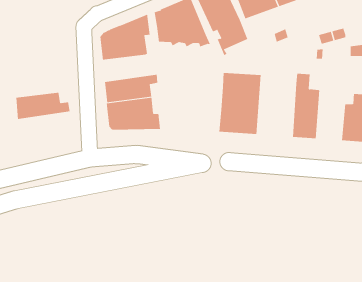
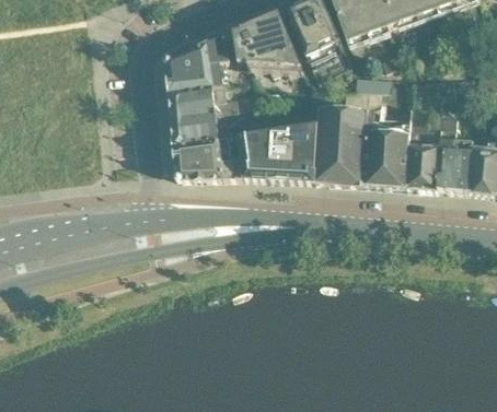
building: none -> [362,111,411,189]
building: none -> [437,116,473,193]
building: none -> [240,127,319,183]
building: [15,92,71,119] -> [169,86,238,120]

